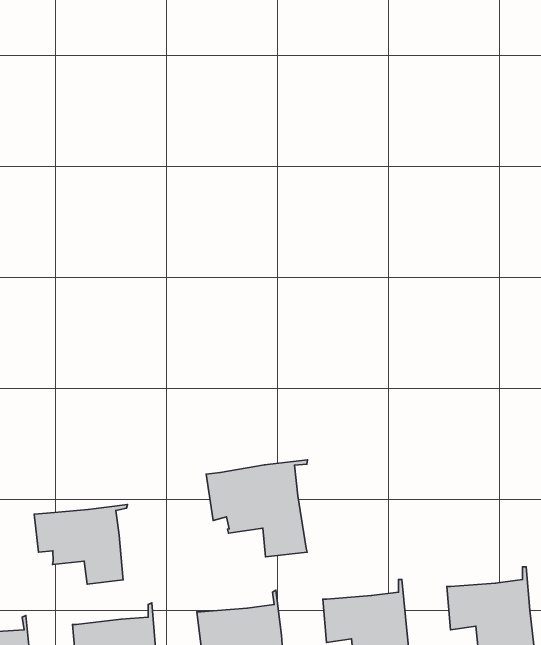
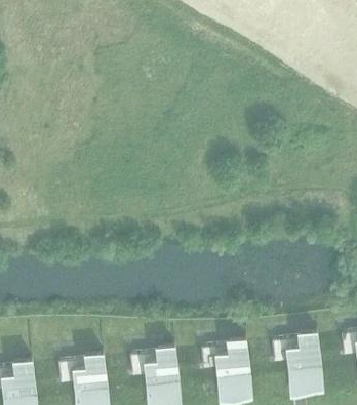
building: [206,460,308,557] -> none
building: [34,505,128,584] -> none

